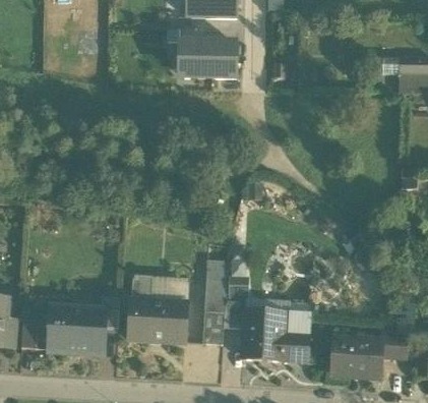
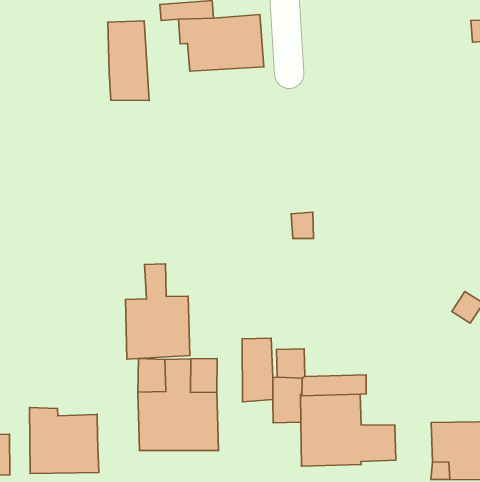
building: none -> [108,21,149,101]
building: none -> [125,264,190,359]
building: [102,296,120,329] -> none
building: [202,310,226,344] -> none
building: [286,311,311,335] -> none

